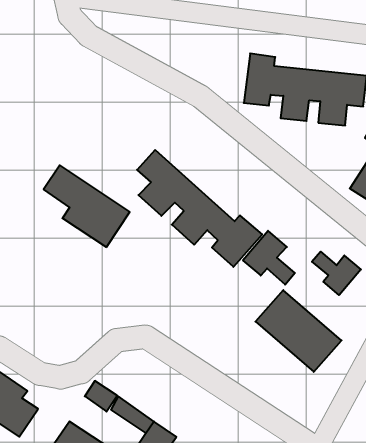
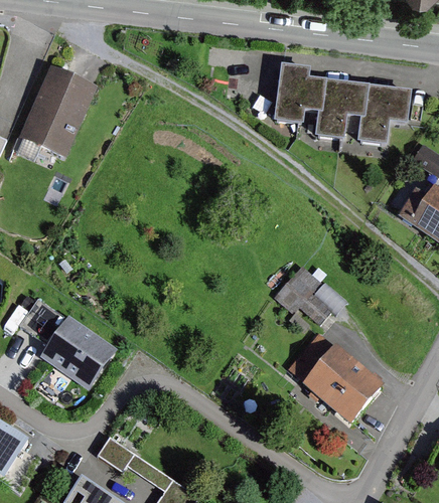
building: none -> [12,64,98,156]
building: [137,150,262,267] -> none
building: [44,165,130,247] -> [20,301,117,392]
building: [312,252,361,295] -> none

